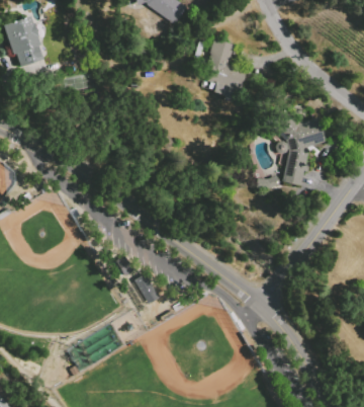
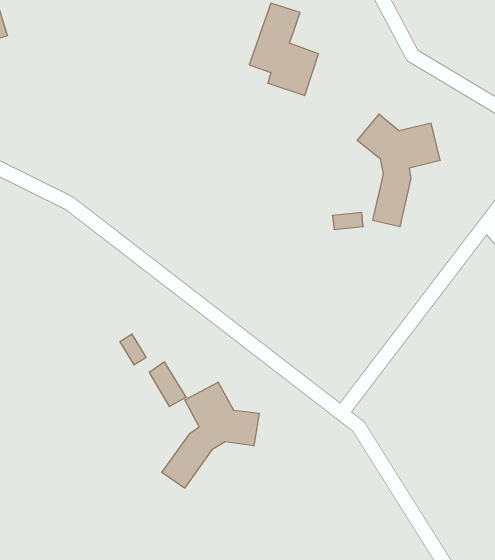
building: none -> [162,382,259,488]

